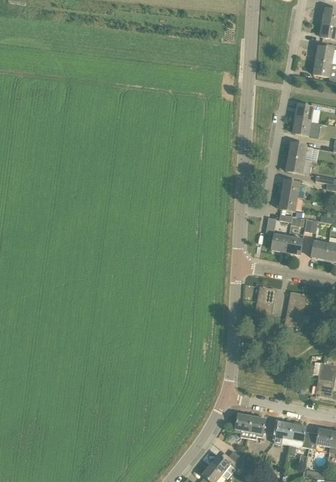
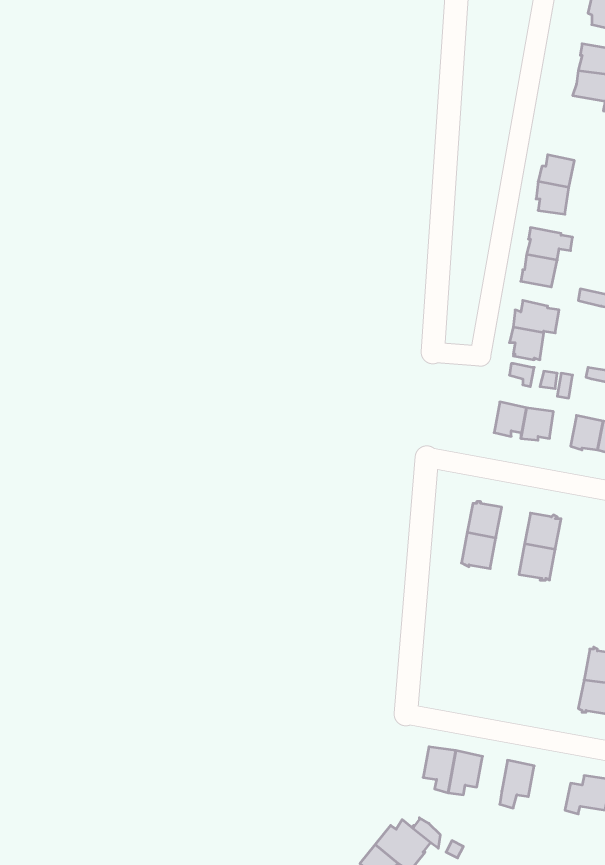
building: [288,423,311,446] -> none

